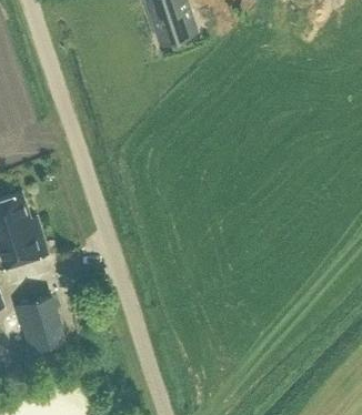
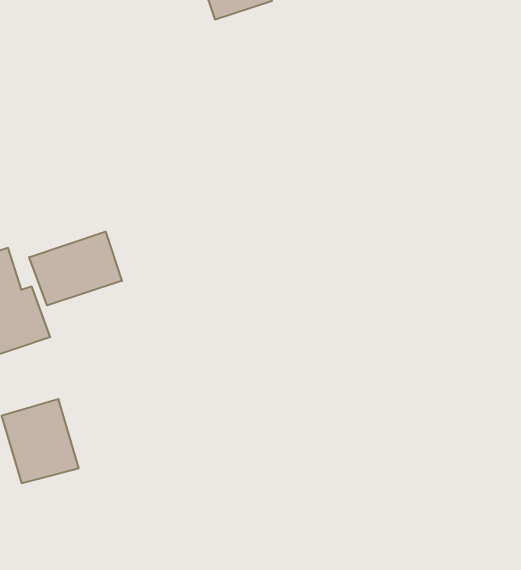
building: none -> [29,232,122,305]

